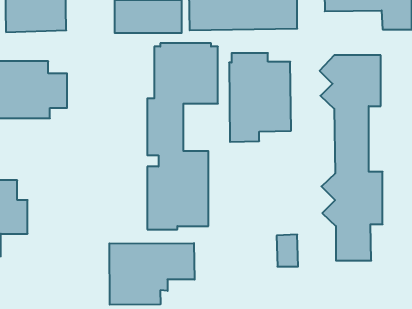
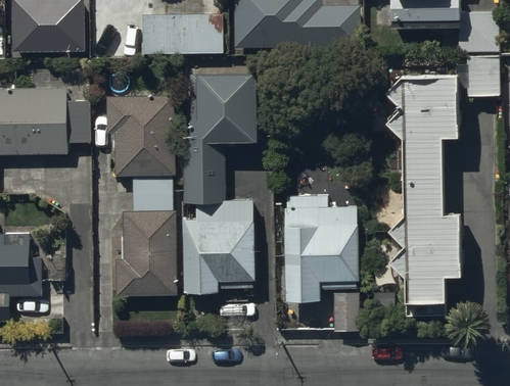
building: [229,53,291,142] -> [283,198,357,303]
building: none -> [105,91,176,291]
building: [109,243,195,305] -> none

